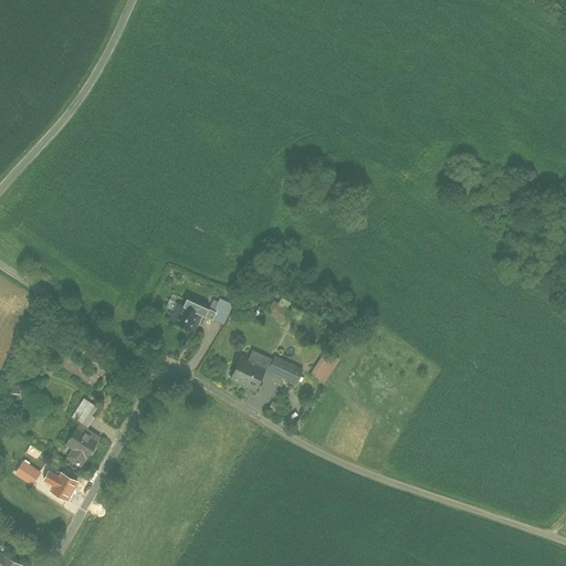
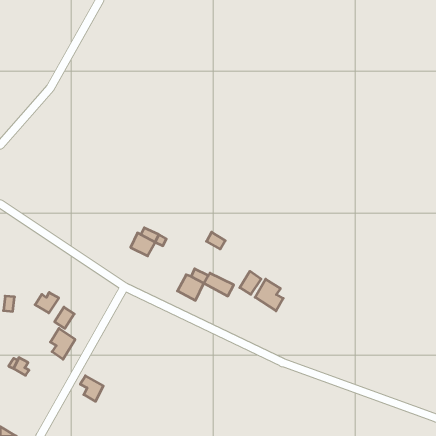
building: none -> [255,279,283,311]
building: none -> [35,292,59,313]
building: [46,468,76,501] -> [80,376,103,401]

